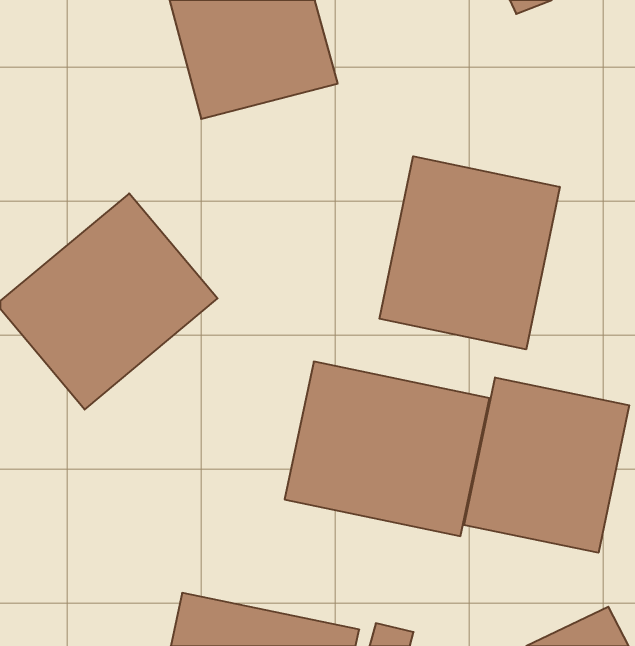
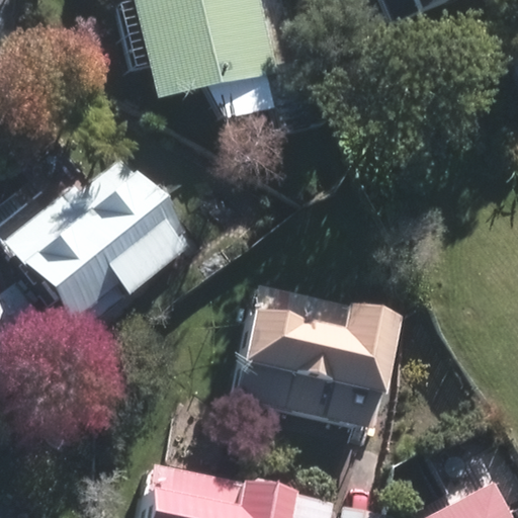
building: [379,156,560,349] -> none
building: [464,377,629,553] -> none

